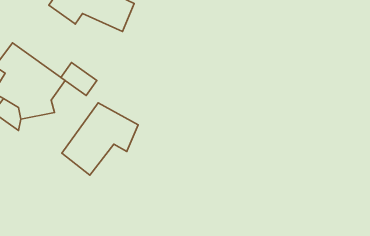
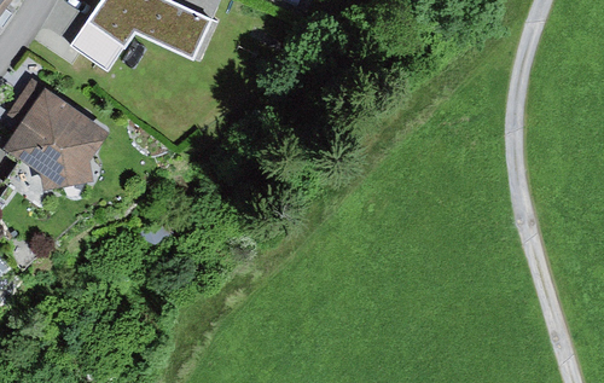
building: [61,63,97,95] -> [69,21,122,69]
building: [62,103,138,175] -> none

